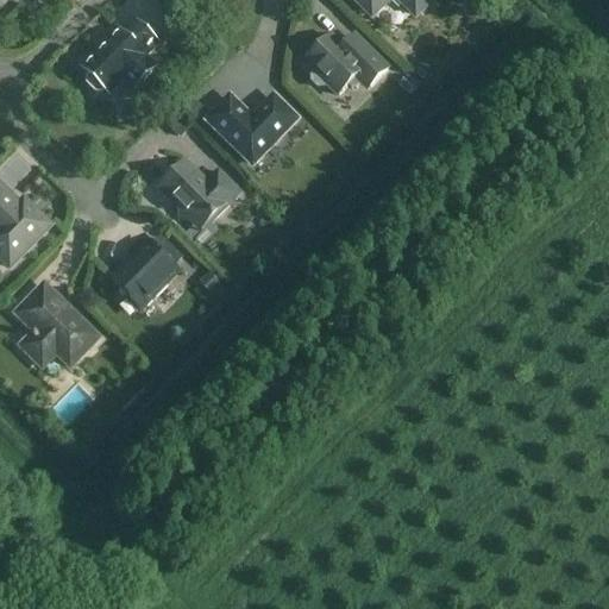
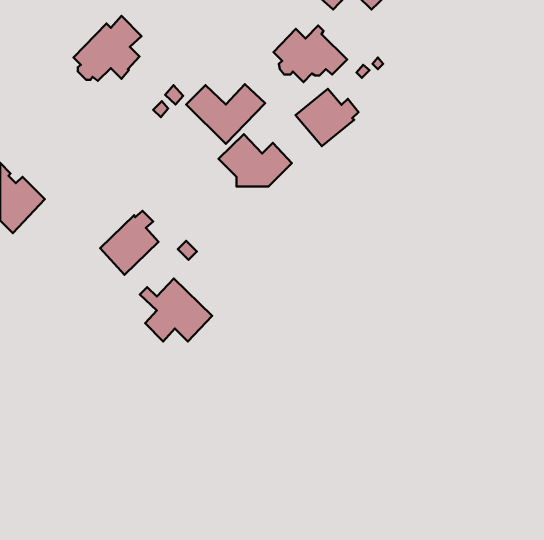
building: none -> [295,89,358,146]
building: [158,158,240,216] -> [218,134,292,186]
building: [17,293,98,363] -> [140,279,212,341]

